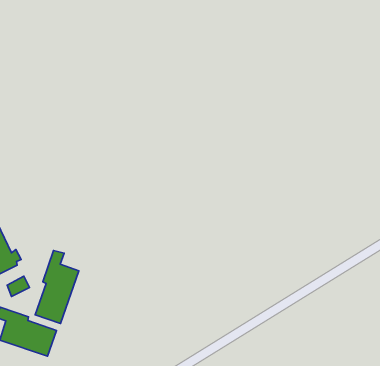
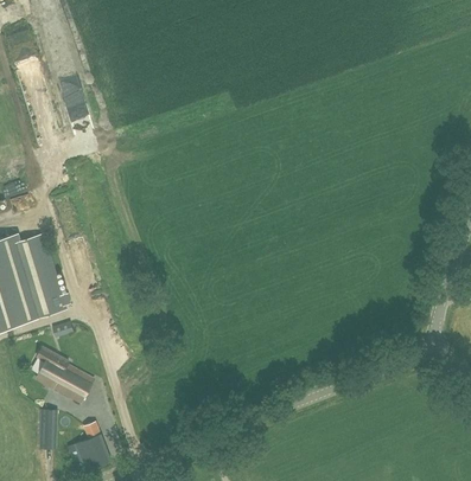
building: [35,250,79,324] -> none

